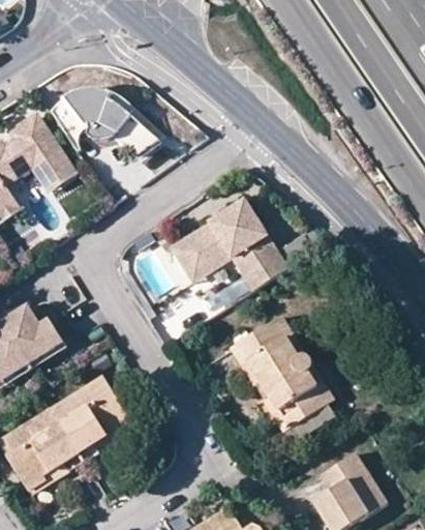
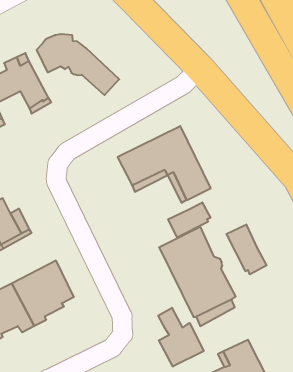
building: none -> [168,202,210,238]
building: none -> [226,224,267,274]
building: none -> [158,308,204,367]

